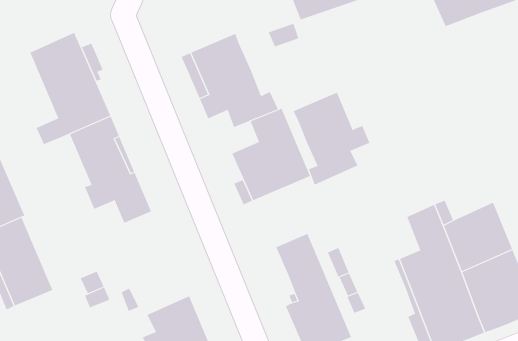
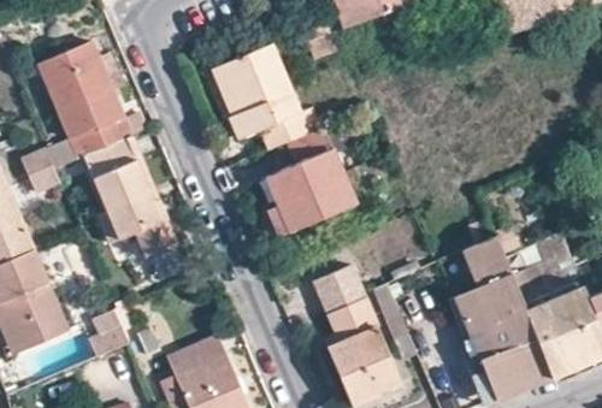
building: [293,92,370,185] -> none
building: none -> [22,147,63,196]

